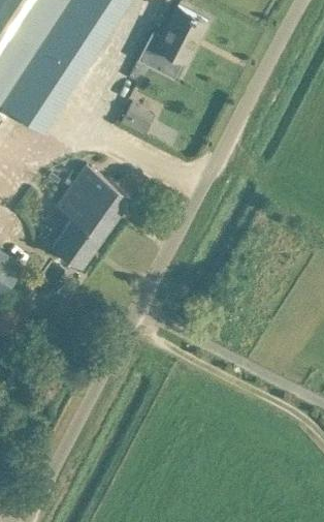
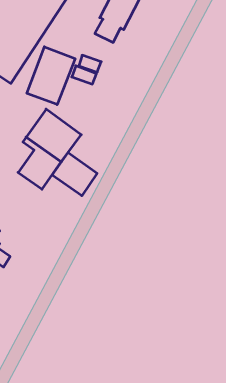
building: none -> [27,47,75,105]
building: none -> [52,153,97,196]

